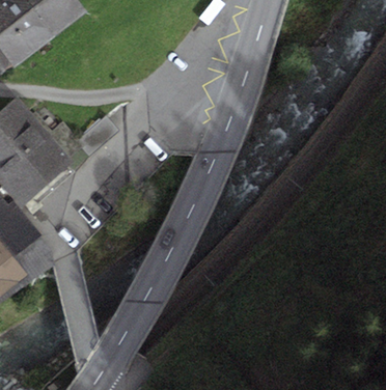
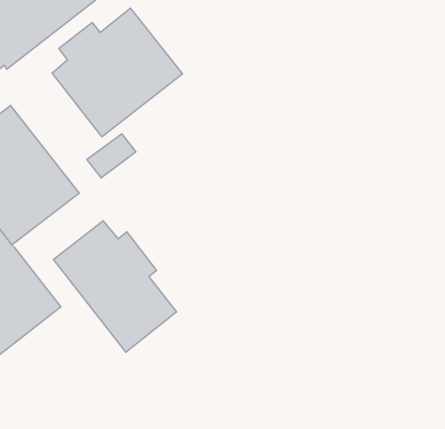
building: none -> [52,8,182,137]
building: none -> [53,221,177,352]

